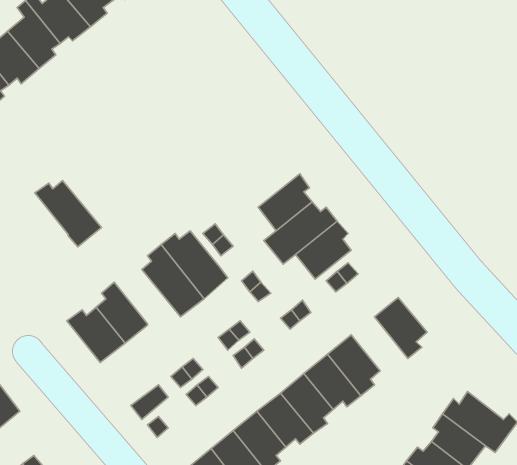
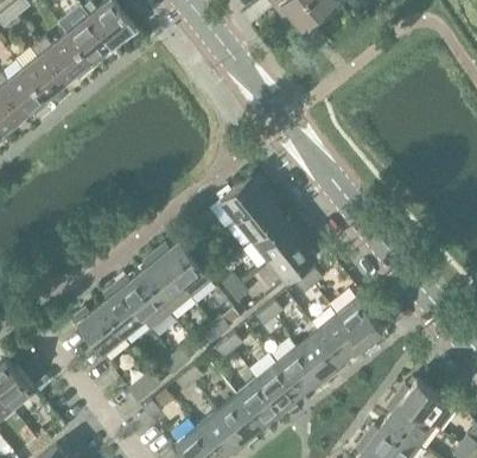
building: none -> [220,176,273,221]
building: [35,180,101,247] -> [114,274,171,331]
building: none -> [317,314,365,361]

